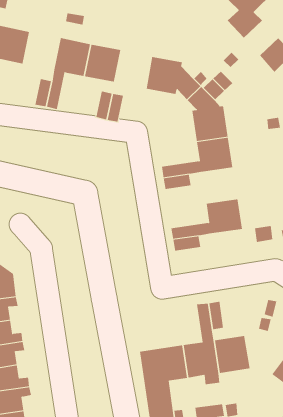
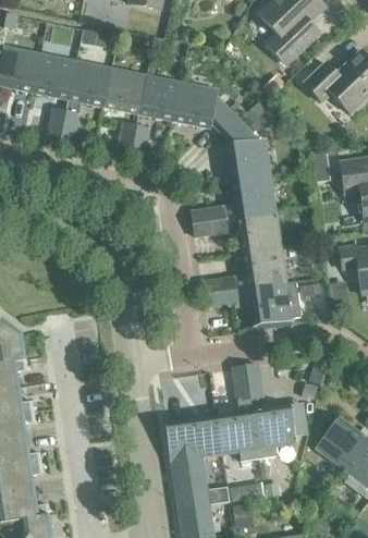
building: none -> [34,56,76,99]
building: none -> [138,76,181,121]
building: none -> [237,211,280,253]
building: none -> [247,282,291,323]

